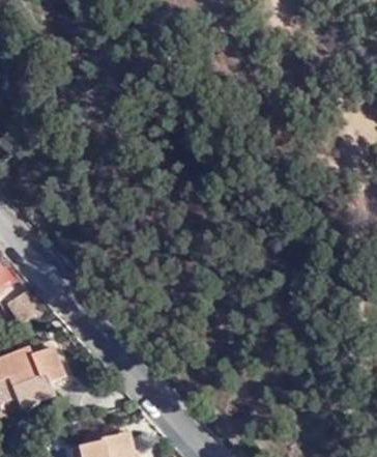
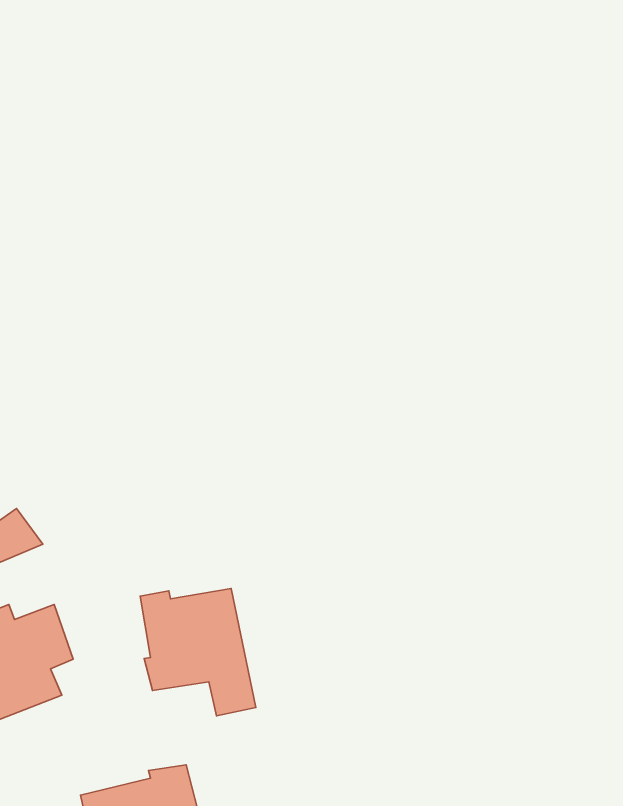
building: none -> [140,588,256,716]

